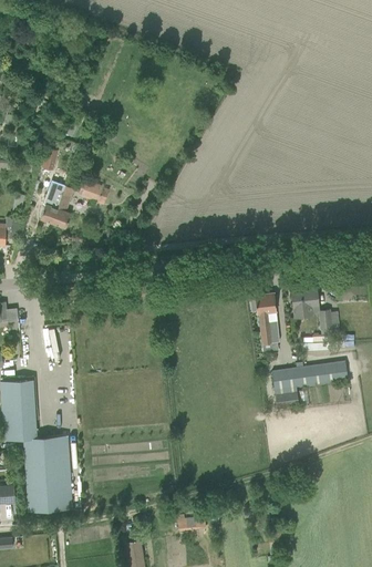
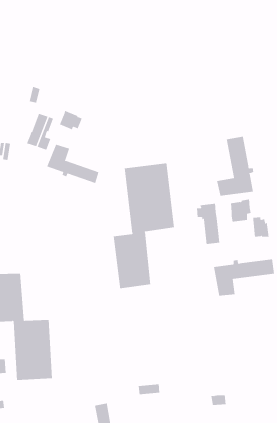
building: none -> [217,136,254,196]
building: none -> [47,144,99,184]
building: none -> [113,162,174,289]

